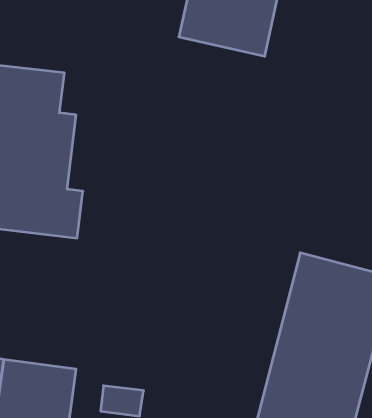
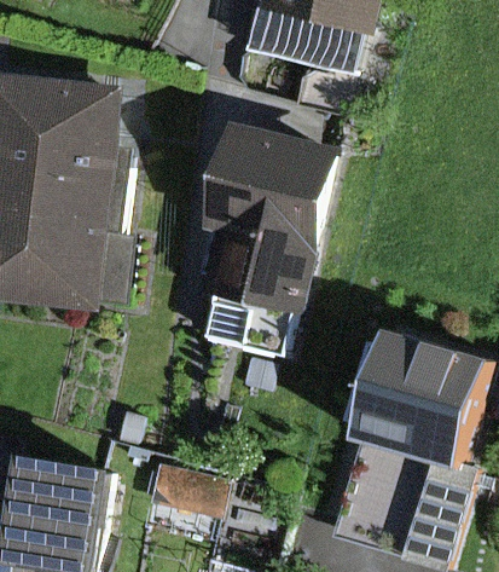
building: none -> [198,146,325,360]

